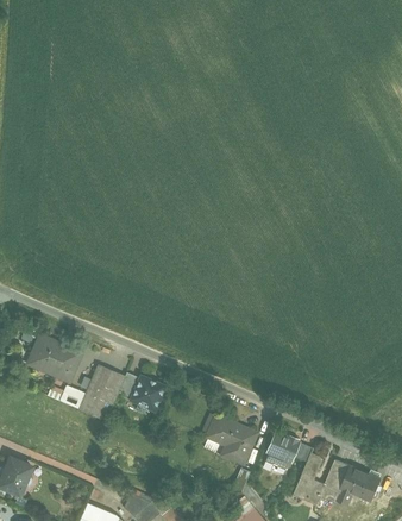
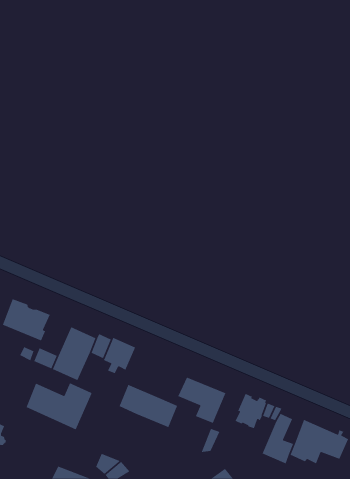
building: none -> [26,382,93,430]
building: none -> [119,384,178,428]

